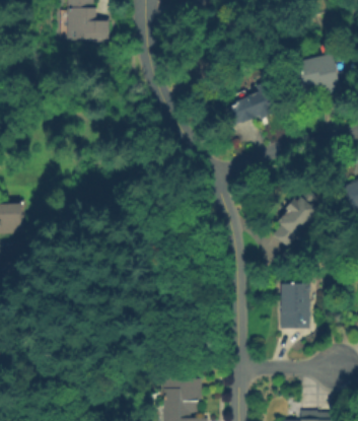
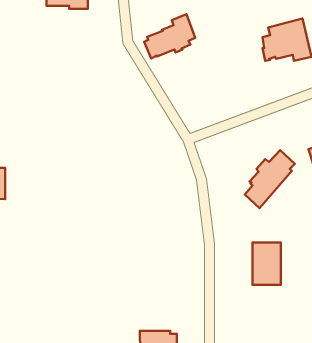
building: [227,80,280,126] -> [144,14,195,58]

